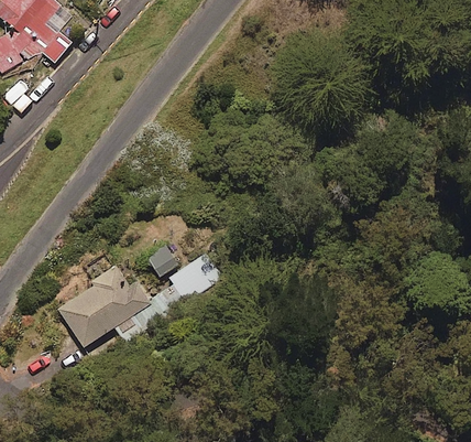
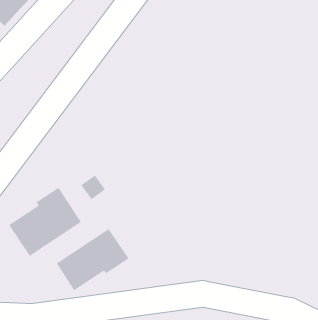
building: none -> [56,228,129,291]

